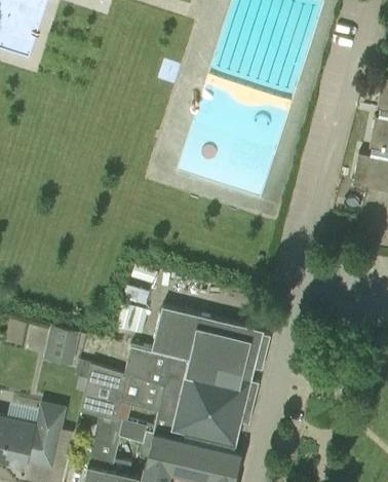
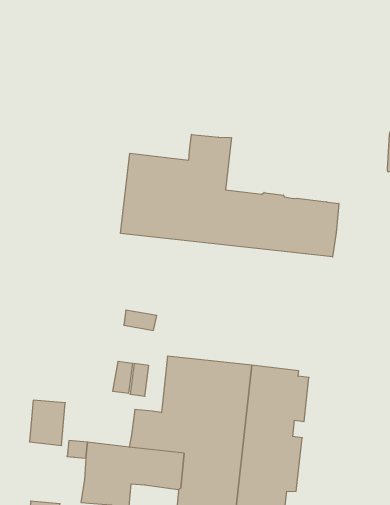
building: none -> [121,134,339,257]

